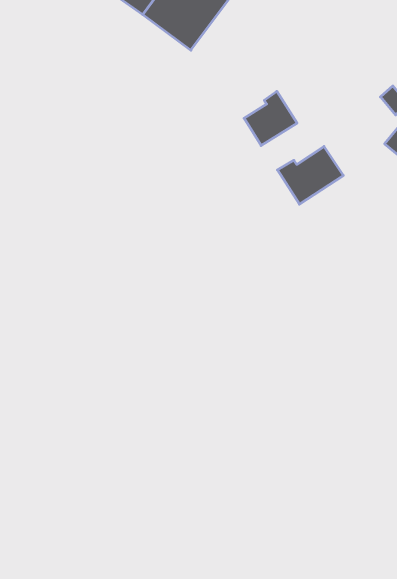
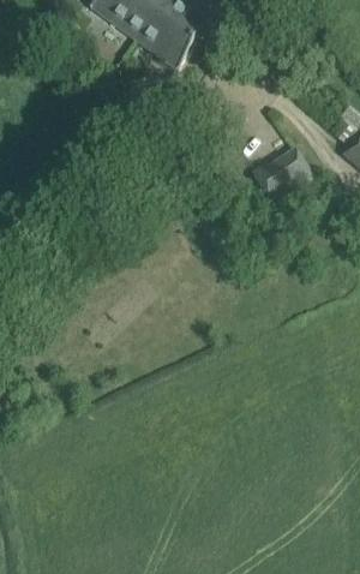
building: [244,91,297,146] -> none

